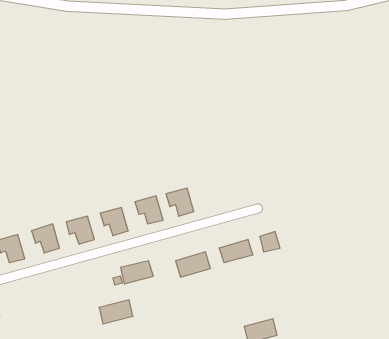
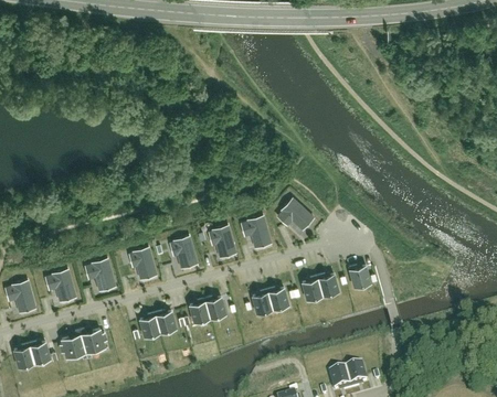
building: none -> [276,200,314,232]
building: none -> [60,330,105,361]
building: [99,300,133,324] -> [137,310,176,337]

